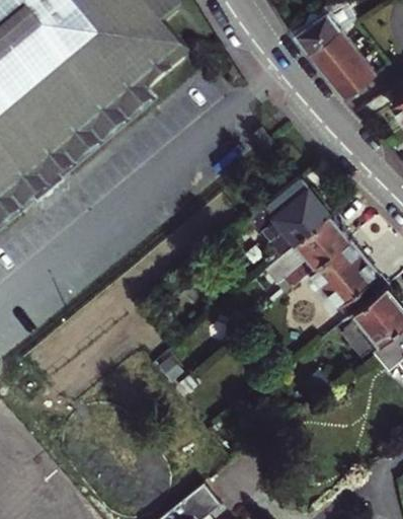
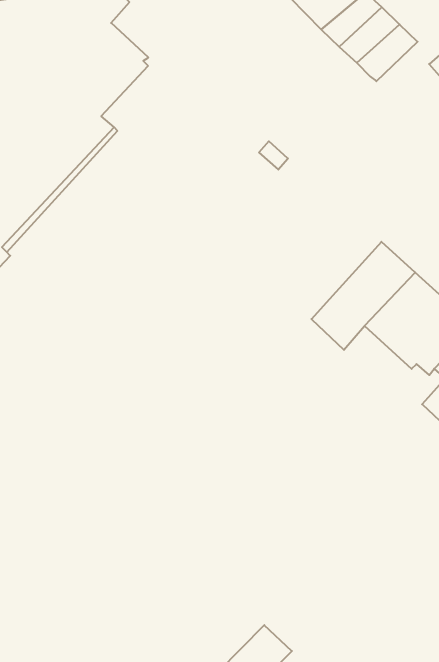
building: [251,175,327,249] -> none

